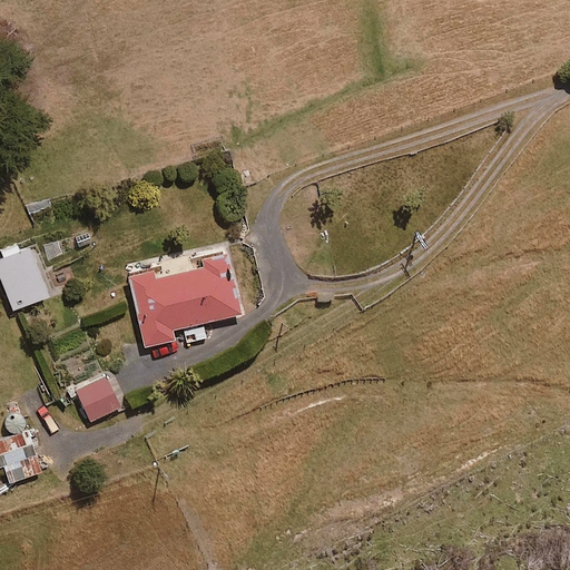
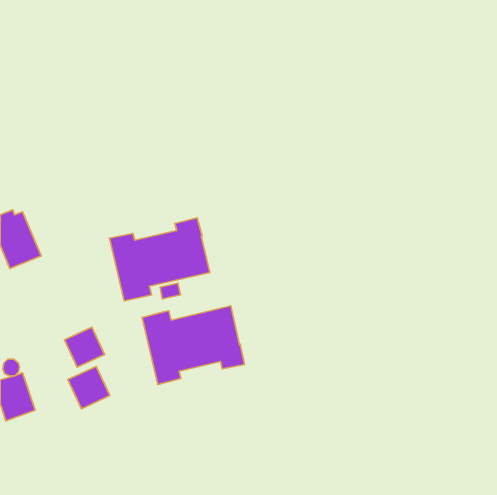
building: none -> [142,306,244,385]
building: none -> [68,366,110,409]

